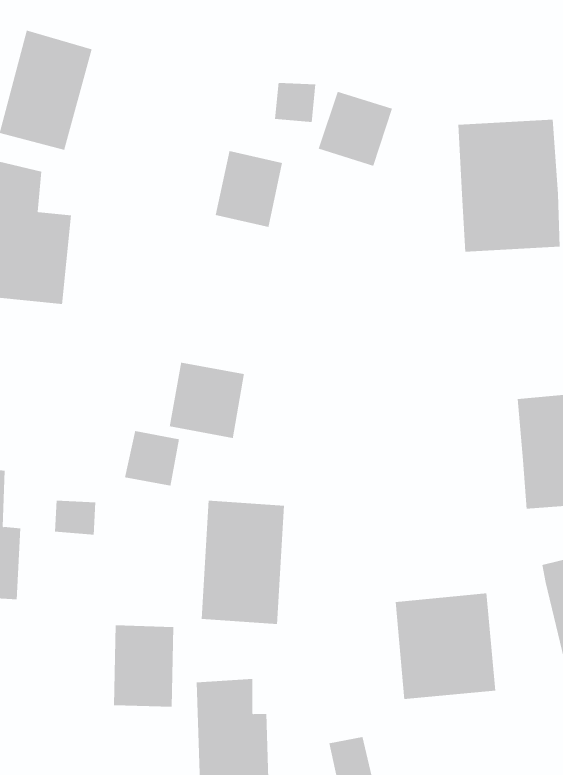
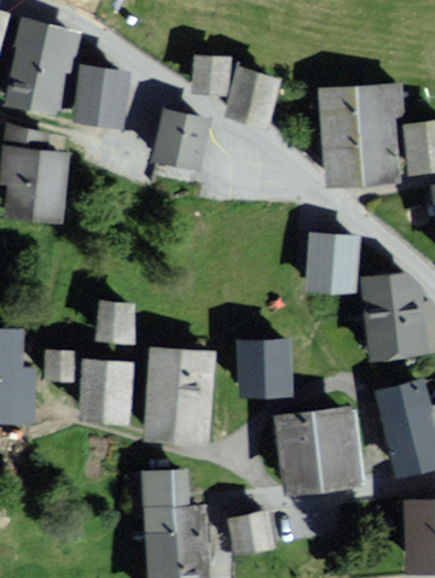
building: none -> [75,68,118,116]
building: none -> [308,240,361,298]
building: [169,362,245,439] -> none
building: none -> [240,346,295,404]
building: [113,625,174,707] -> [81,360,123,416]

